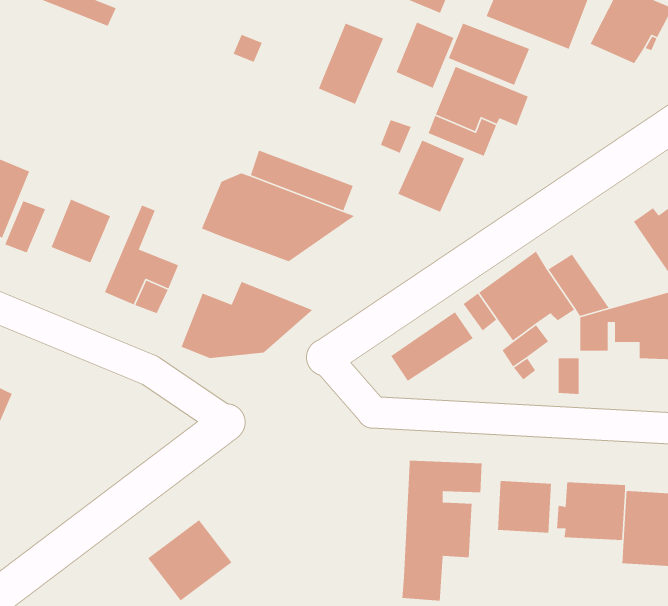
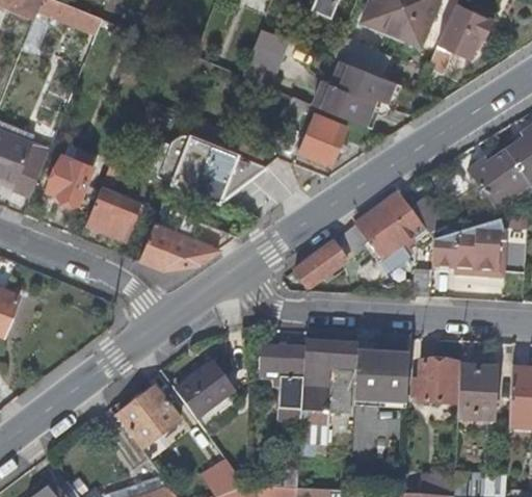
building: [395,21,454,89] -> none
building: none -> [261,344,305,428]
building: none -> [172,362,230,417]

